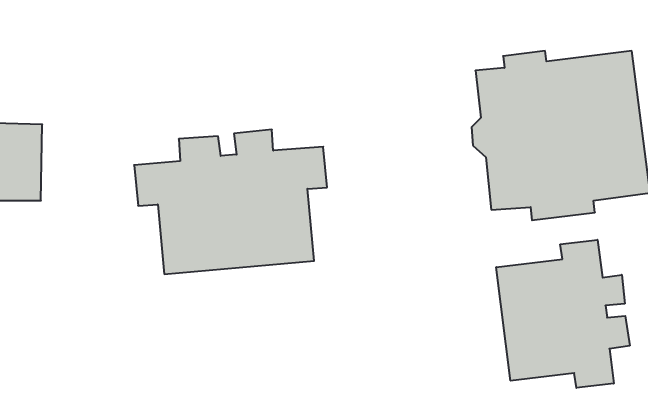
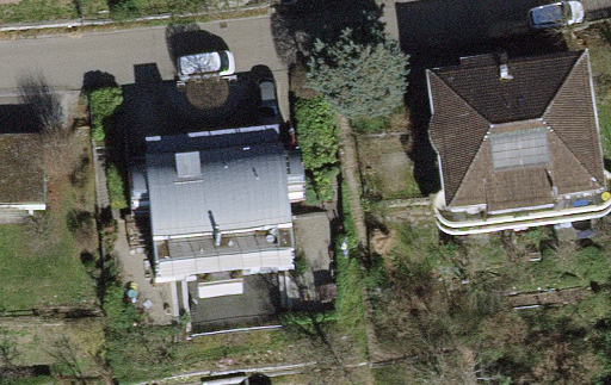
building: [496,240,630,388] -> none

